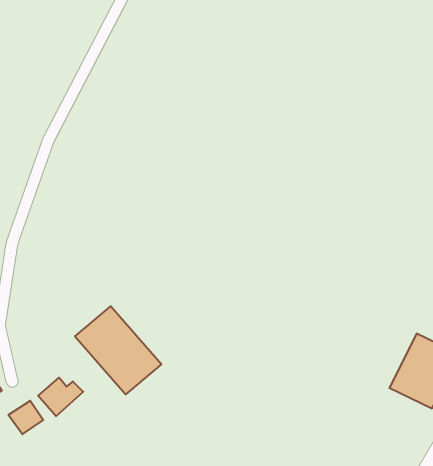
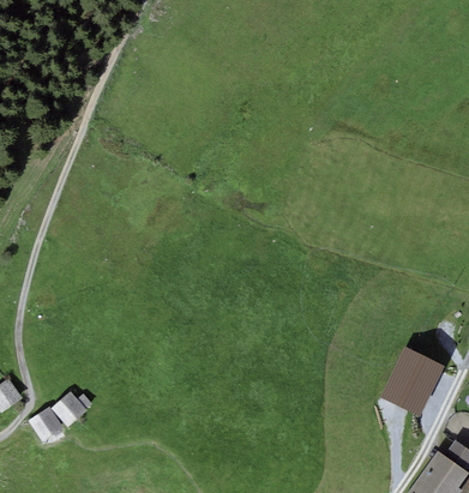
building: [75,306,161,394] -> none

